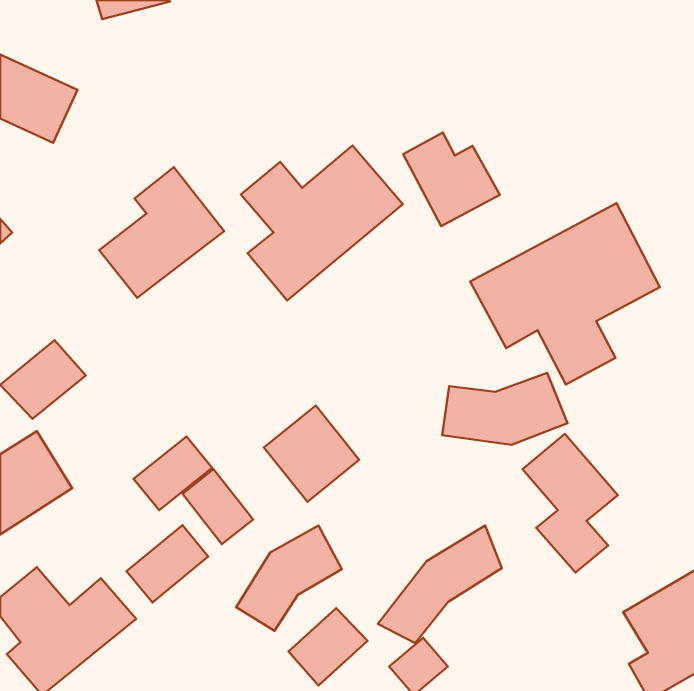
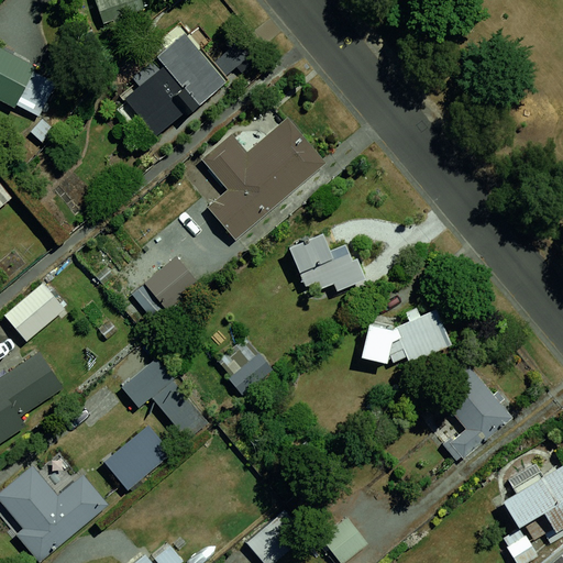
building: [403,132,500,226] -> [292,230,371,306]
building: [99,167,224,298] -> [128,29,229,134]
building: [470,203,660,385] -> none
building: none -> [134,257,198,321]
building: [378,526,502,643] -> none
building: [236,526,342,631] -> none

